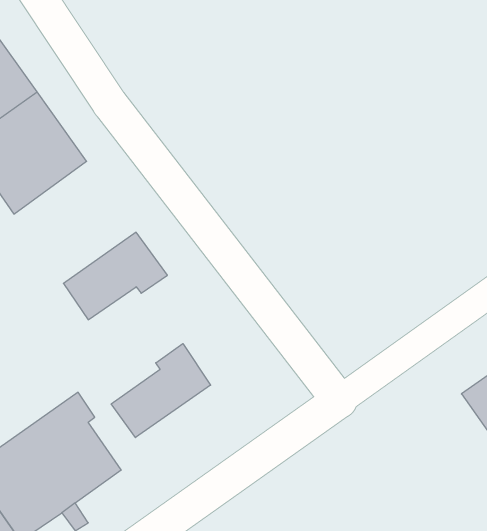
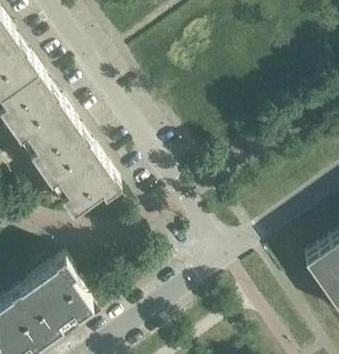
building: none -> [25,113,101,189]
building: [111,344,211,438] -> none

